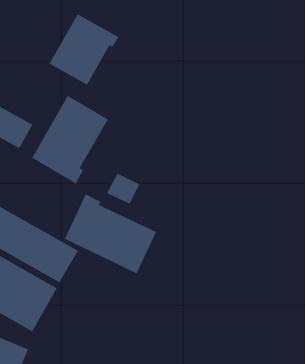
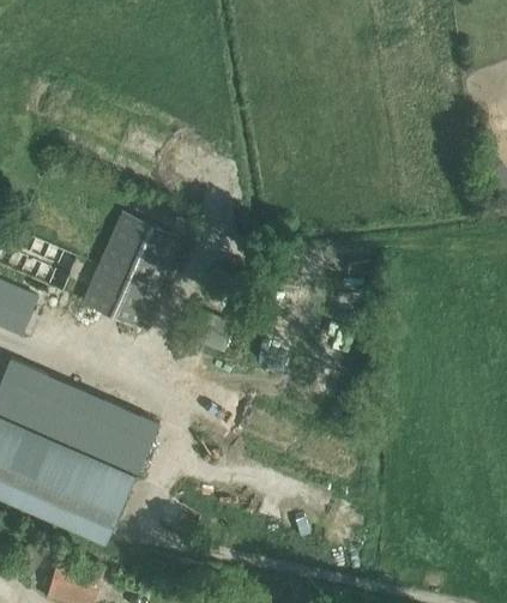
building: [49,13,119,85] -> none
building: [64,193,157,274] -> none

